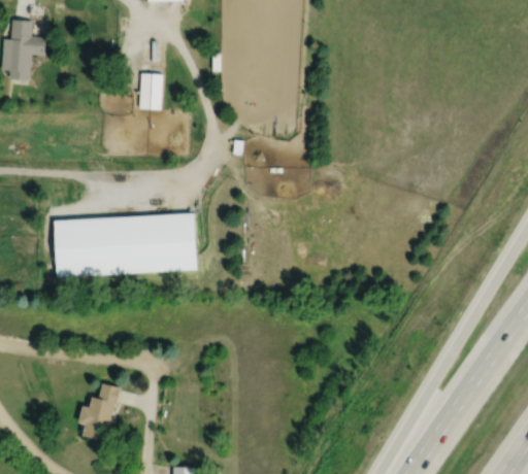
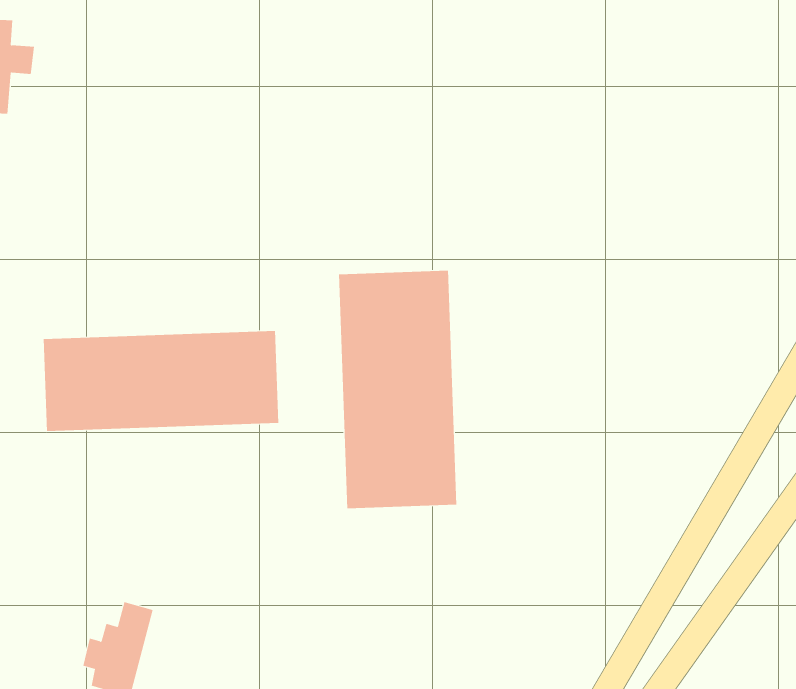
building: [140,72,163,108] -> none
building: none -> [338,270,457,509]

